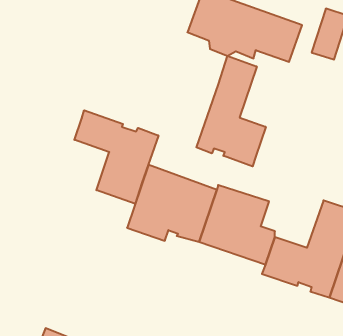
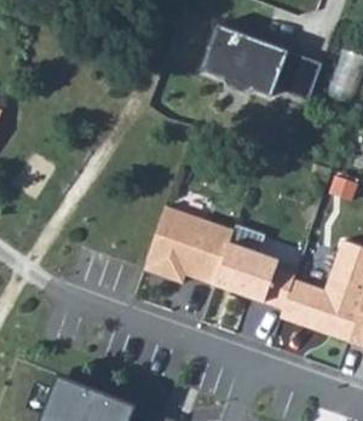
building: [196,56,266,166] -> none
building: [74,110,158,204] -> none

